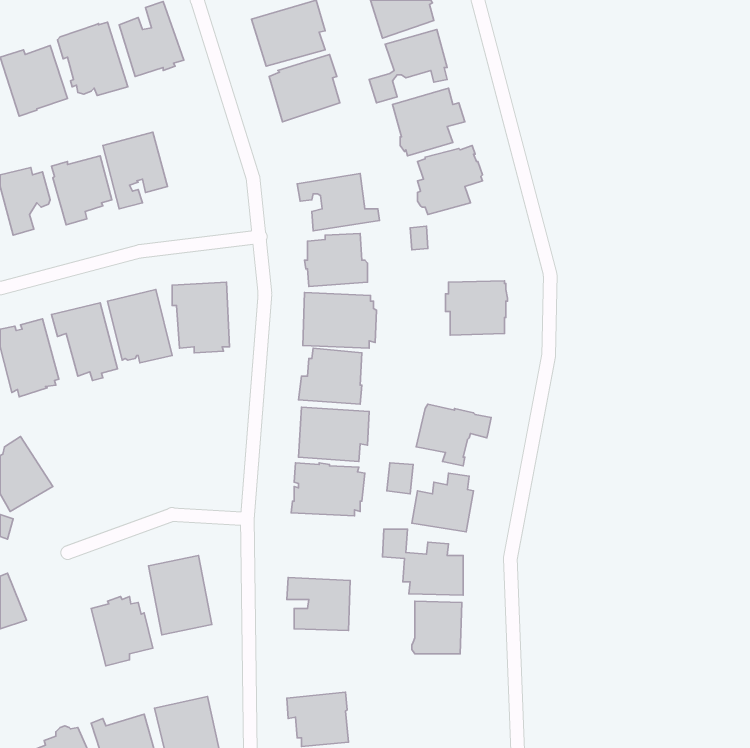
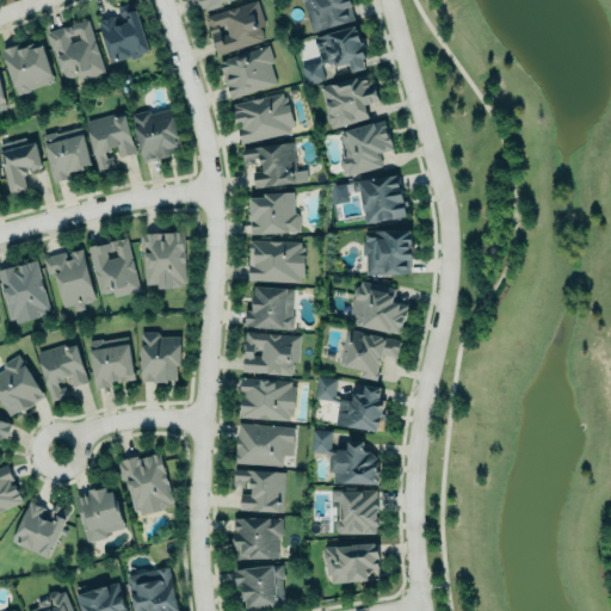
building: none -> [233,93,295,144]
building: none -> [131,110,181,162]
building: none -> [352,174,407,223]
building: none -> [350,282,408,334]
building: none -> [141,333,181,384]
building: none -> [88,338,135,390]
building: none -> [37,341,88,402]
building: none -> [236,425,296,468]
building: none -> [13,504,69,560]
building: none -> [233,519,283,561]
building: none -> [323,543,379,584]

